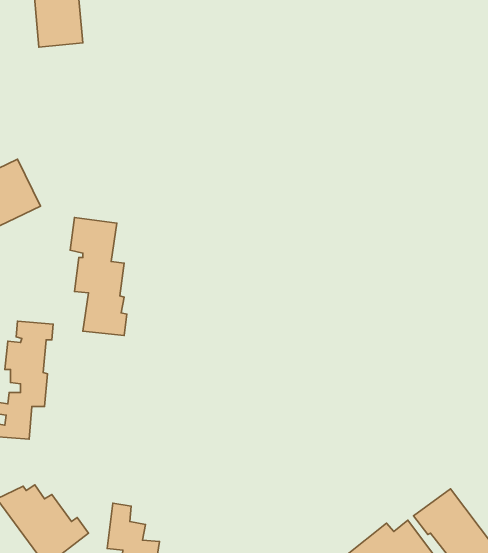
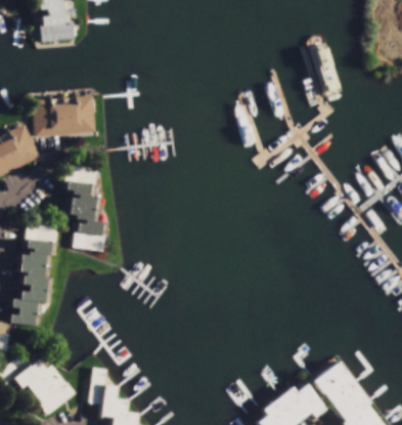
building: none -> [35,96,96,136]
building: none -> [27,223,57,241]

